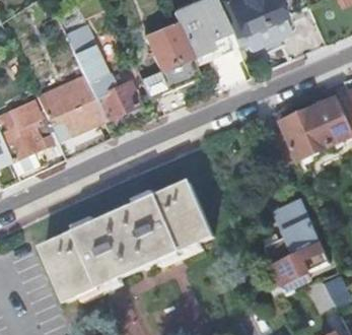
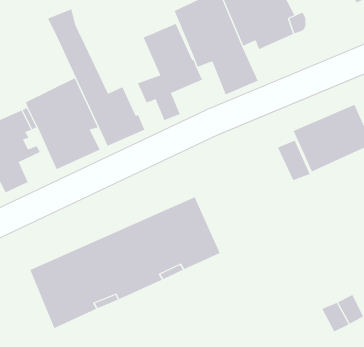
building: [266,201,329,297] -> none

